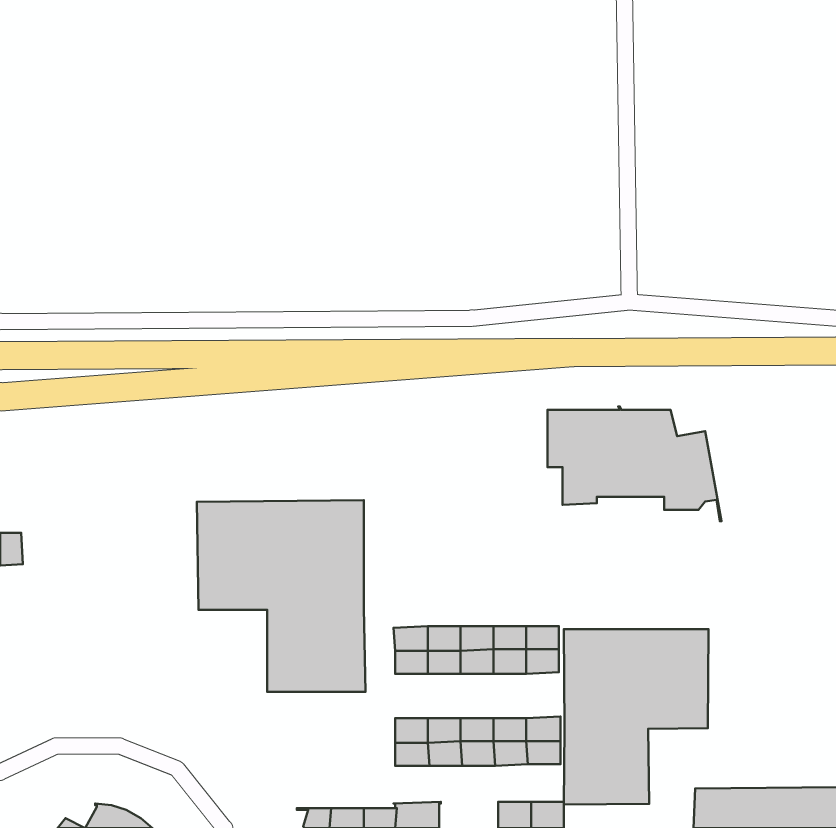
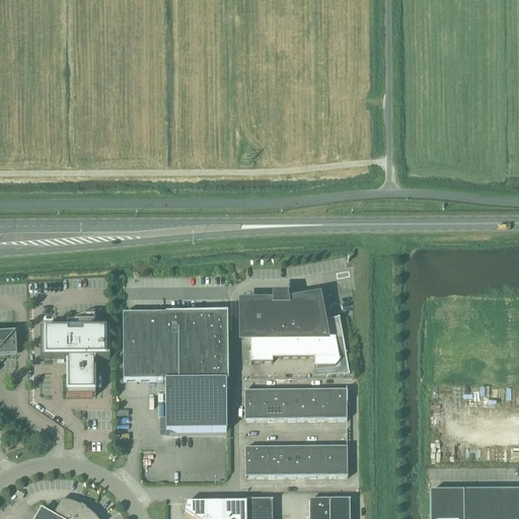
building: [548,407,721,521] -> [242,298,350,369]
building: none -> [43,311,108,392]
building: [564,629,708,805] -> none

